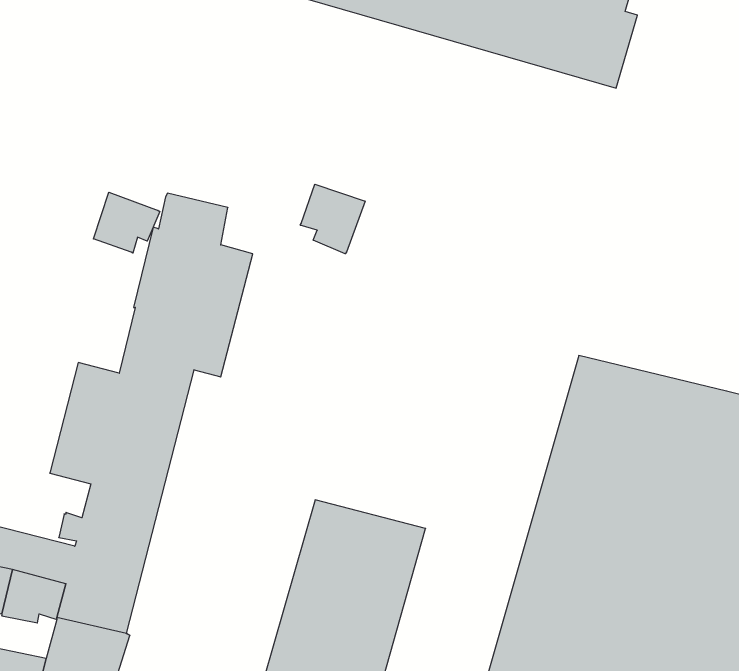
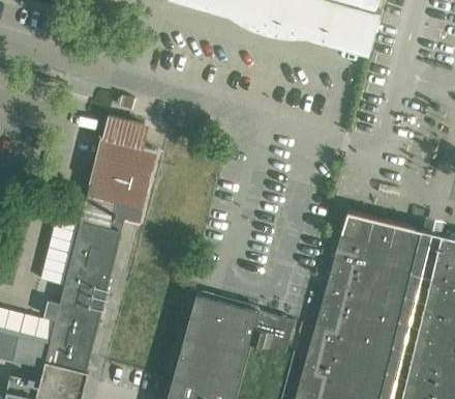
building: [300,184,365,254] -> none
building: [93,192,160,253] -> none

